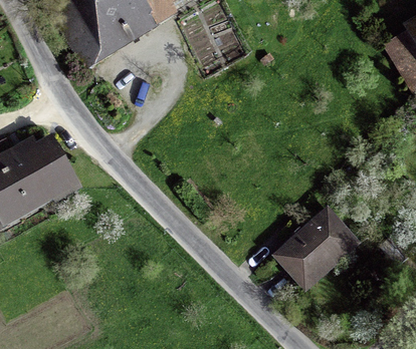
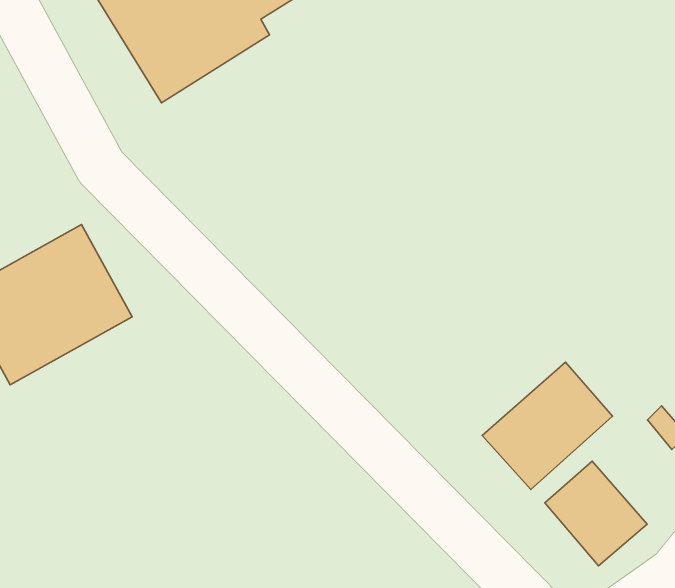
building: none -> [545,461,647,566]

